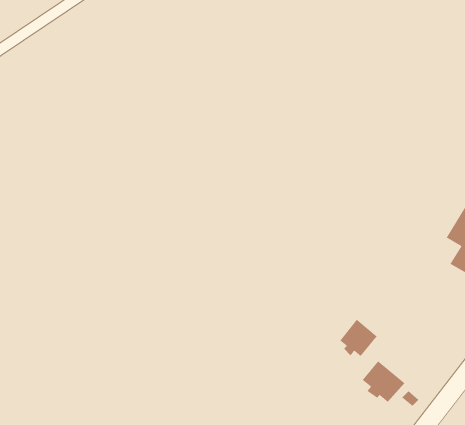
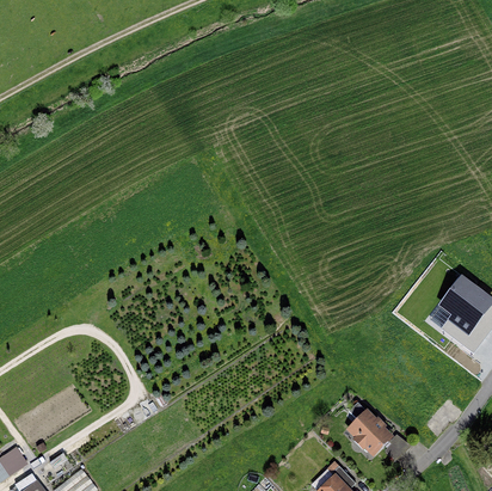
building: [340,319,378,357] -> none

